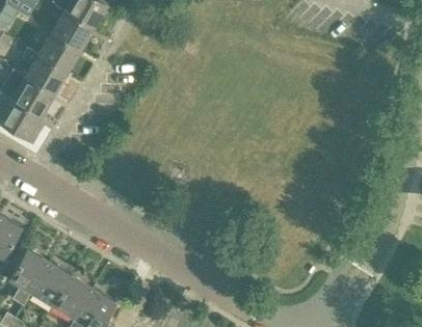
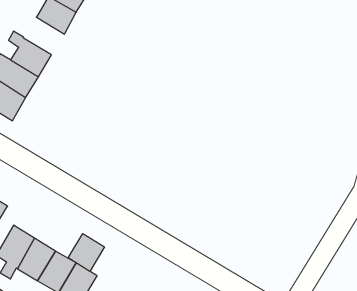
building: [39,32,82,72] -> none
building: none -> [68,234,104,271]

